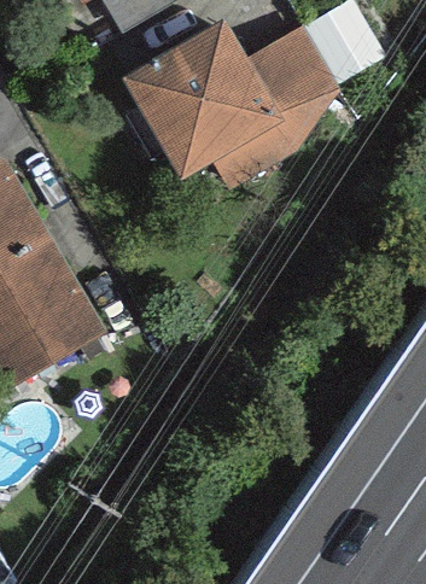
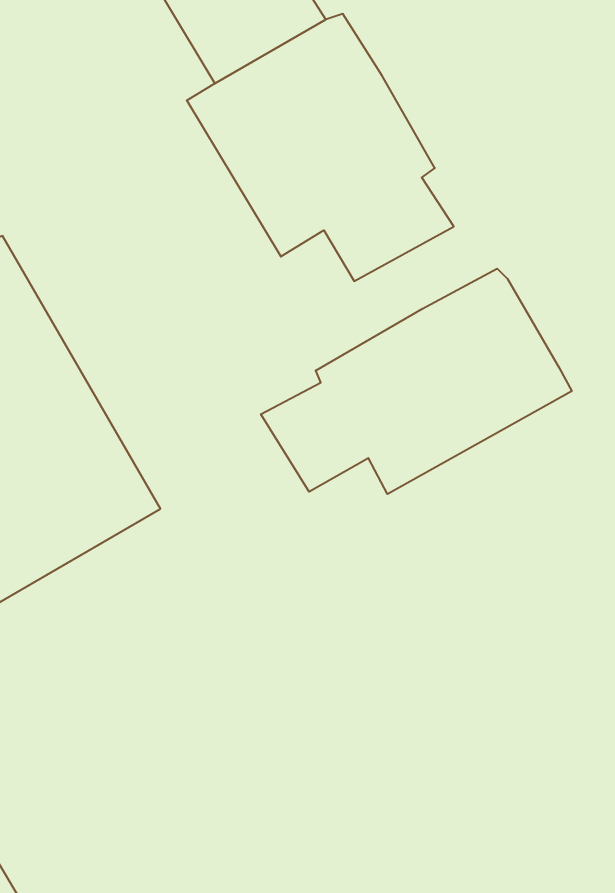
building: [247,28,337,152] -> none
building: none -> [261,269,572,494]

